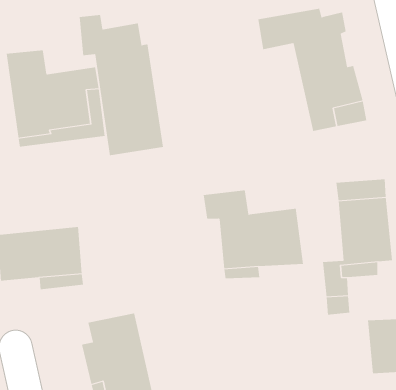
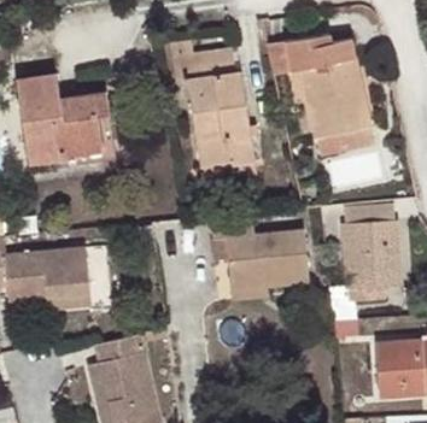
building: [79,14,164,156] -> [170,40,255,180]

